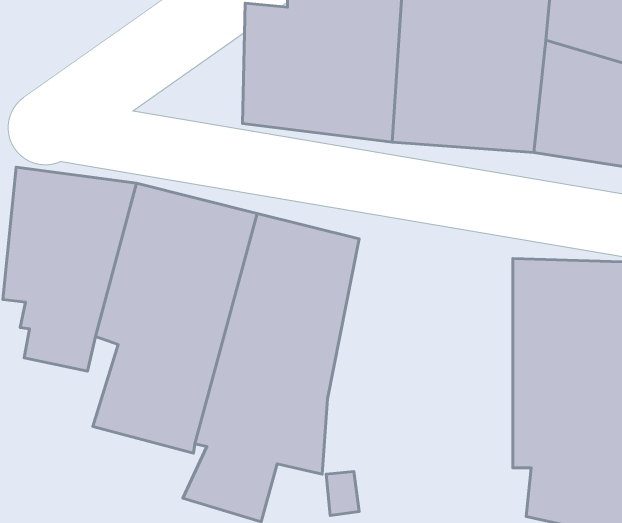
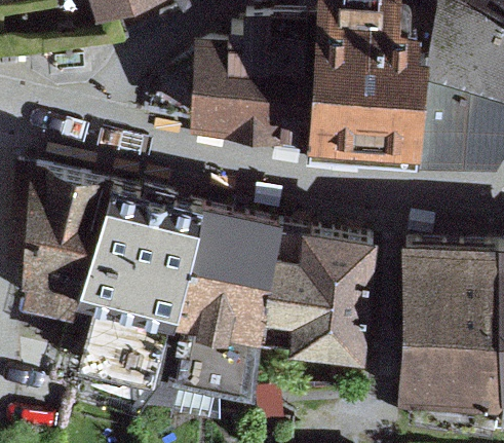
building: none -> [259,213,379,348]

